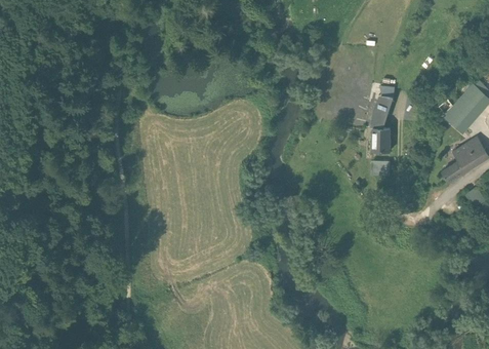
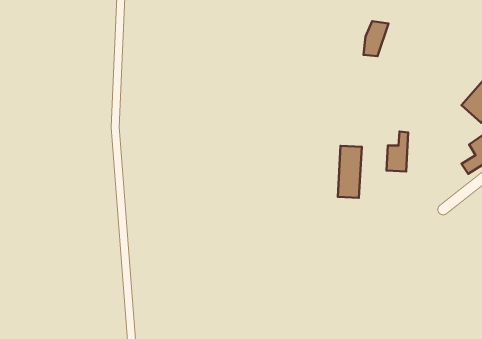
building: [372,98,396,130] -> [363,21,388,56]
building: none -> [338,146,362,198]

